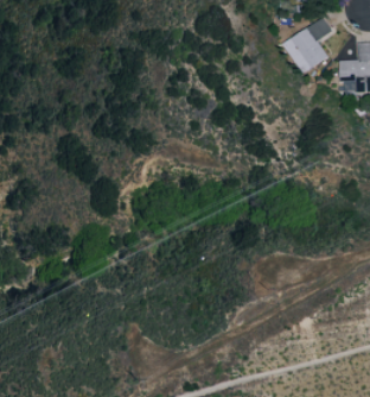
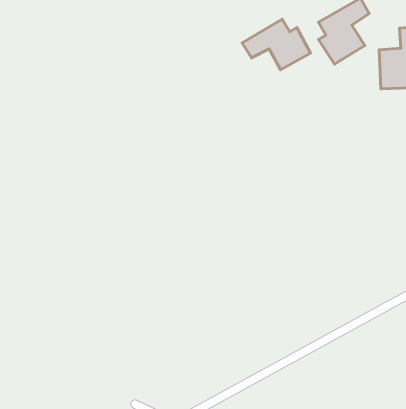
building: none -> [242,19,310,70]

